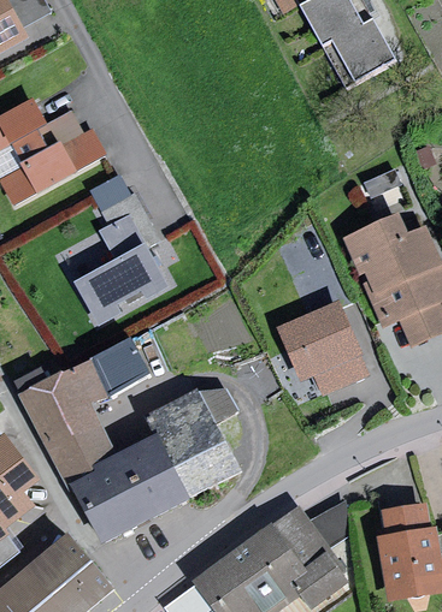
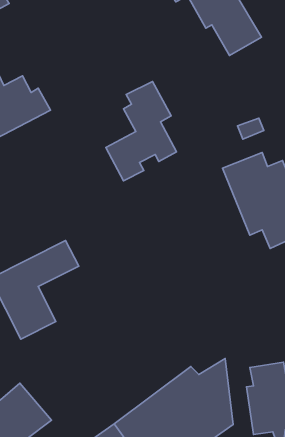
building: [72,194,169,329] -> [106,81,176,181]
building: [275,302,369,396] -> none
building: [76,385,236,534] -> none

